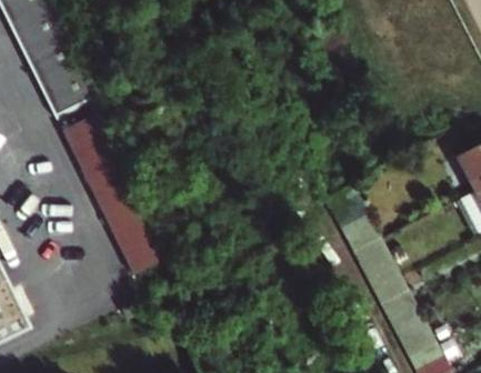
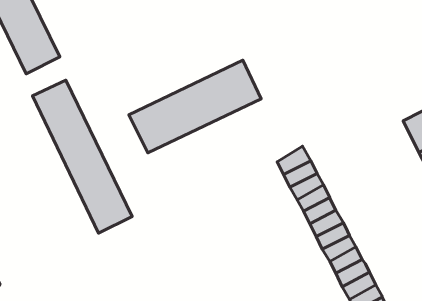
building: none -> [129,60,261,153]

